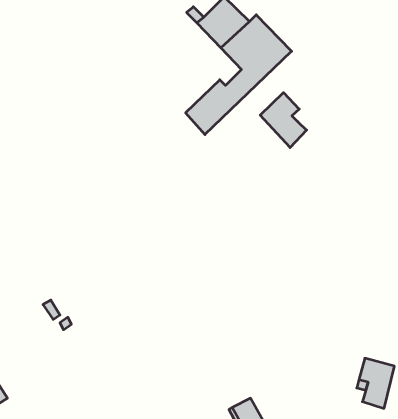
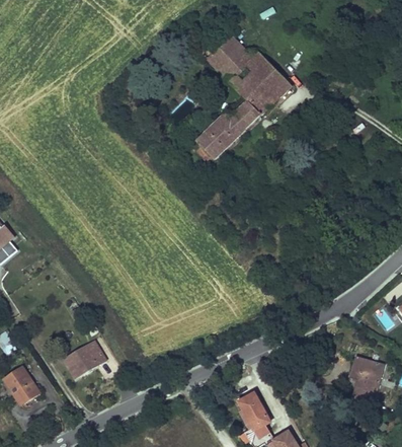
building: [260,93,307,148] -> none
building: none -> [63,342,103,378]

